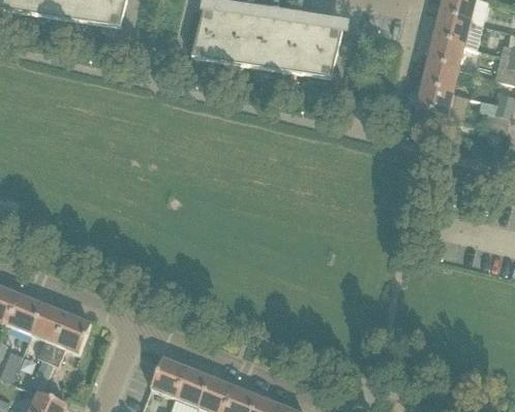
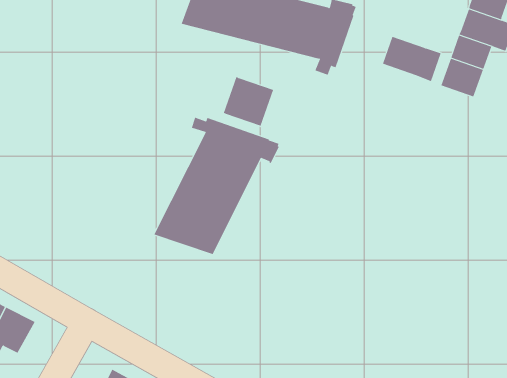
building: [416,83,466,119] -> [382,36,442,82]
building: none -> [223,76,274,127]
building: none -> [154,117,280,255]

